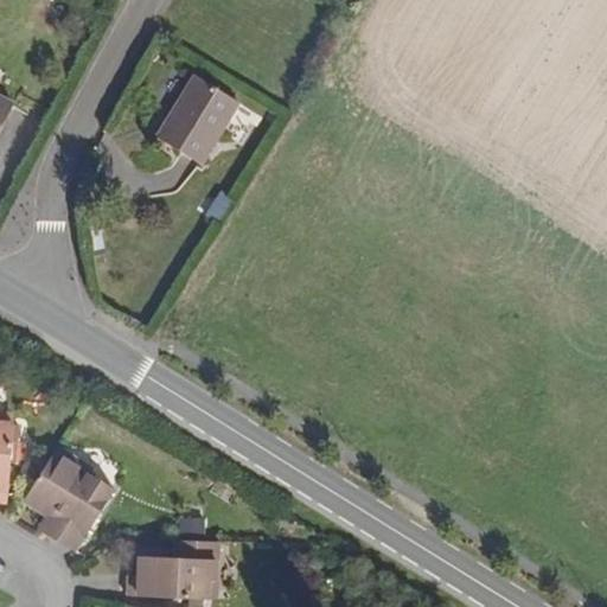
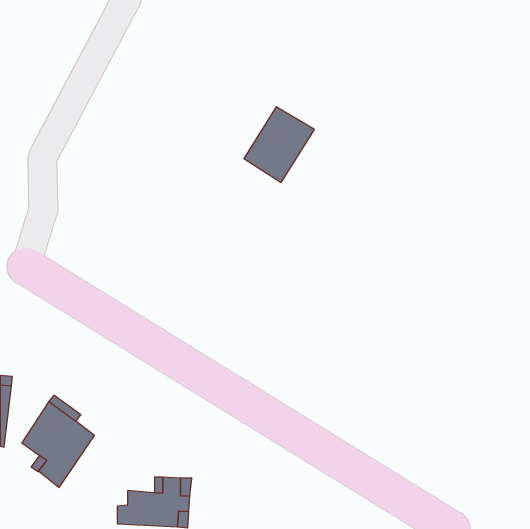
building: [158,62,238,148] -> [244,107,314,182]

